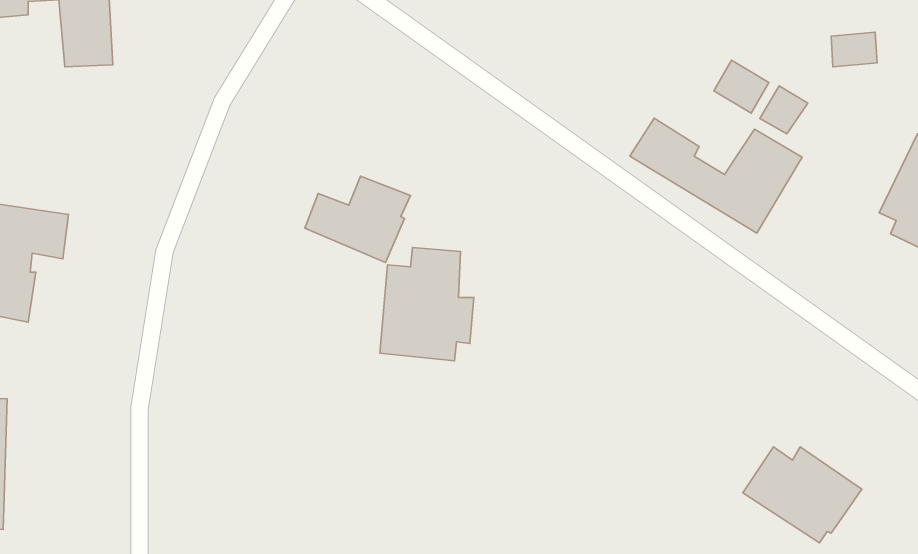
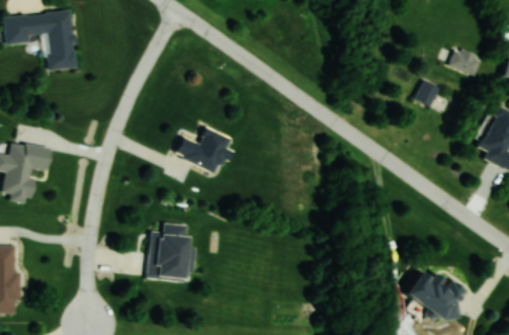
building: [714,60,769,113] -> none
building: [630,118,802,233] -> none
building: [380,248,474,361] -> [146,222,195,281]

